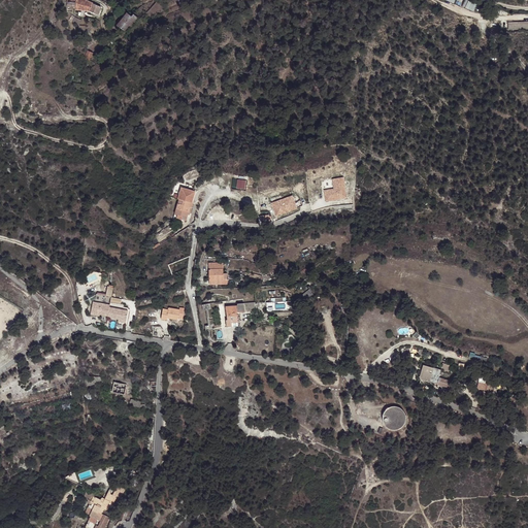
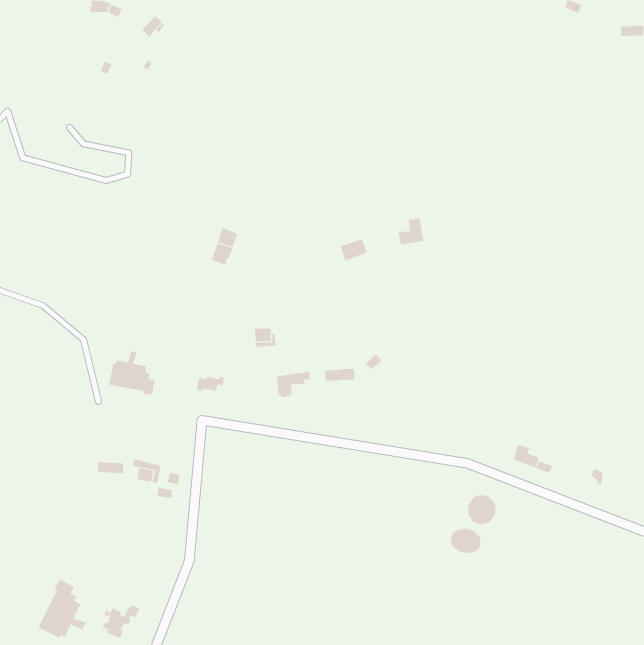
building: none -> [450,528,481,554]
building: none -> [38,579,87,639]

